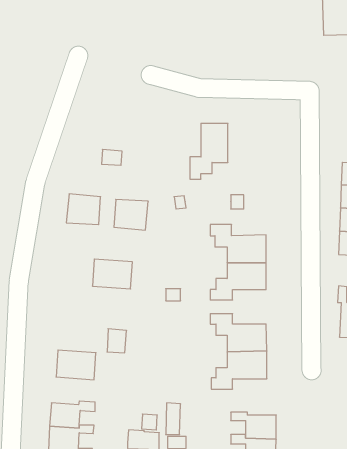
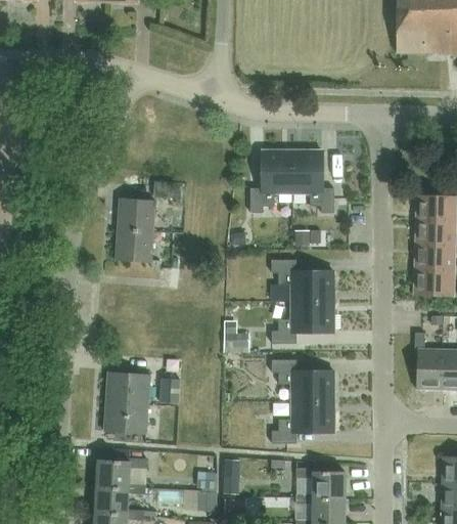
building: none -> [292,150,334,212]
building: [114,199,148,230] -> [118,198,155,231]
building: [92,259,132,289] -> [105,370,149,403]

